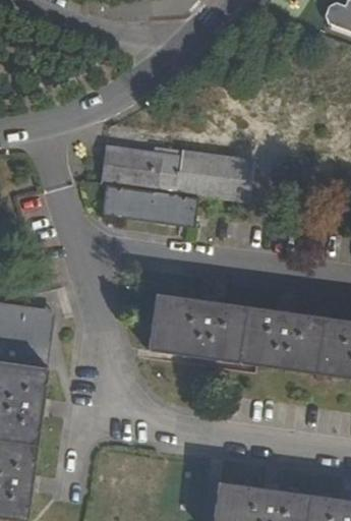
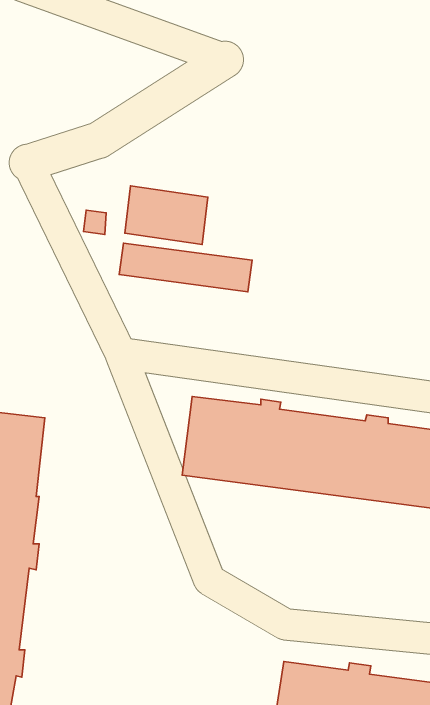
building: [159,147,256,201] -> none

